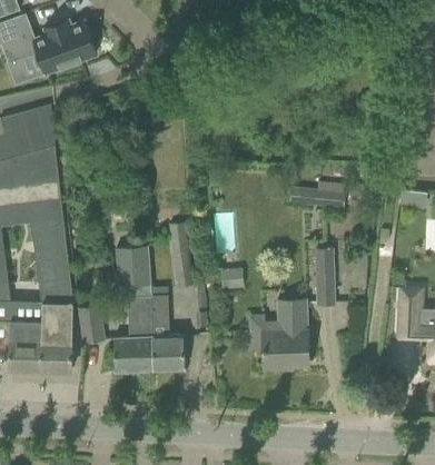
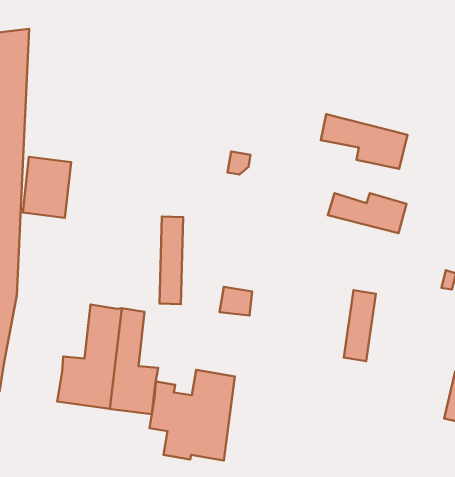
building: none -> [321,114,407,169]
building: [116,247,149,289] -> [23,157,71,218]
building: [249,304,308,369] -> [150,370,235,460]
building: [77,306,103,344] -> none

